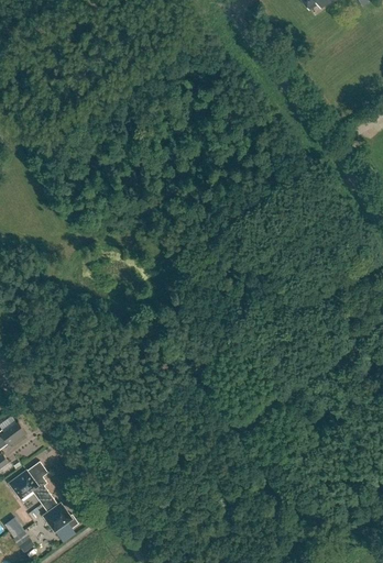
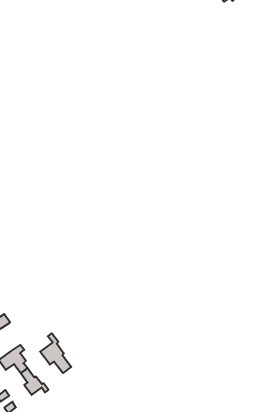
building: none -> [40,333,71,373]

